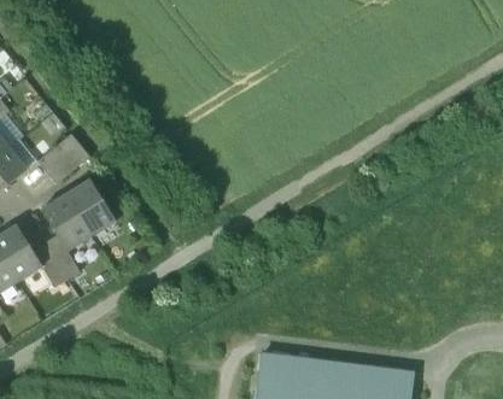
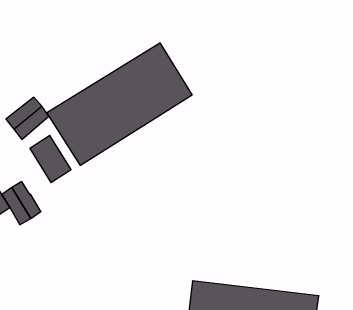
building: none -> [47,43,192,165]
building: [41,195,92,251] -> none

